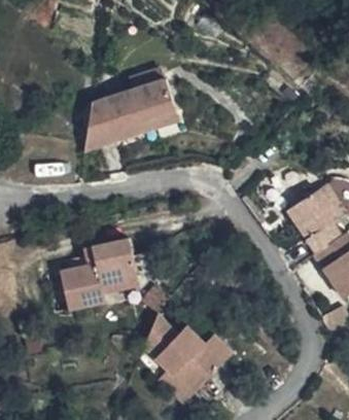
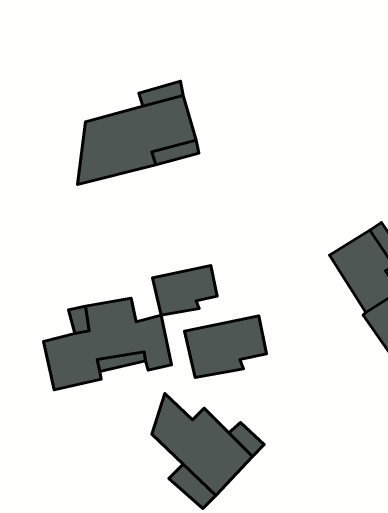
building: none -> [153,266,217,315]
building: none -> [185,316,267,378]

